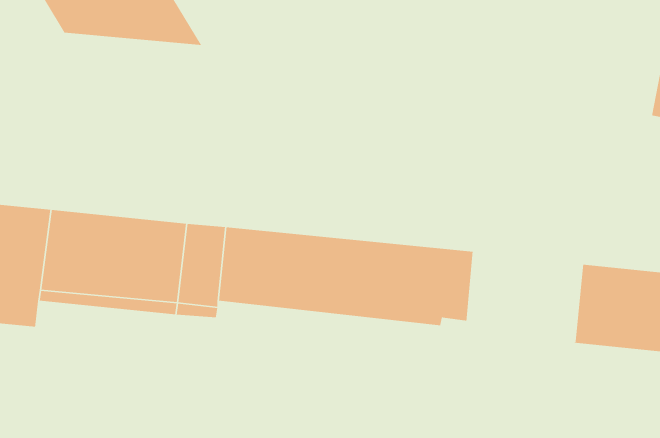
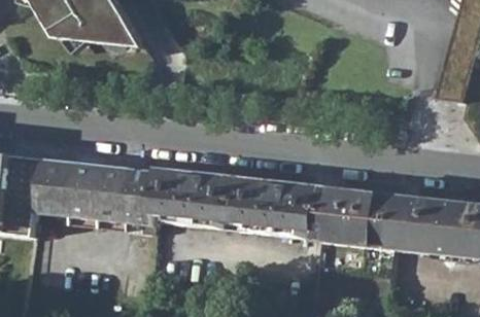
building: none -> [319,187,397,247]

